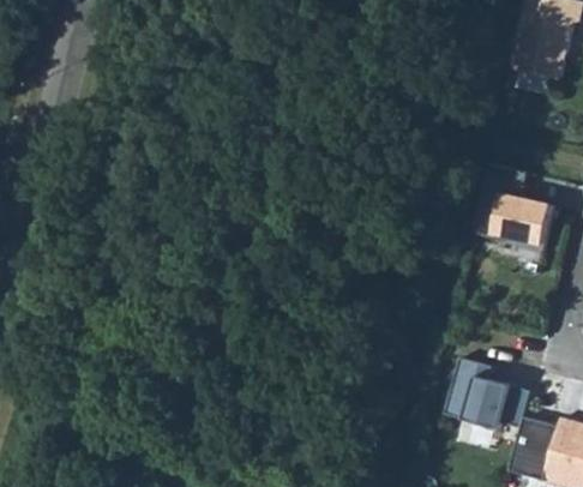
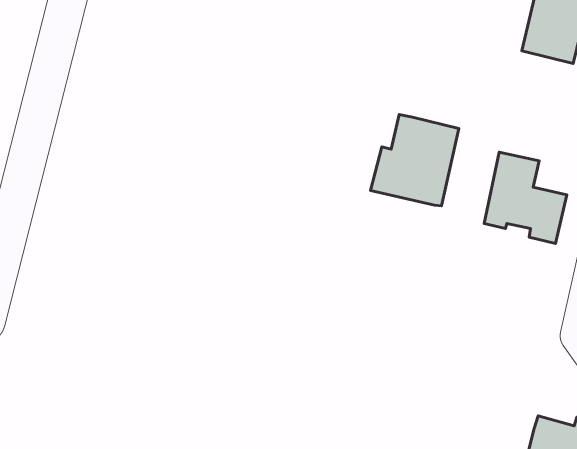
building: none -> [371,114,459,206]
building: [447,359,534,429] -> none

